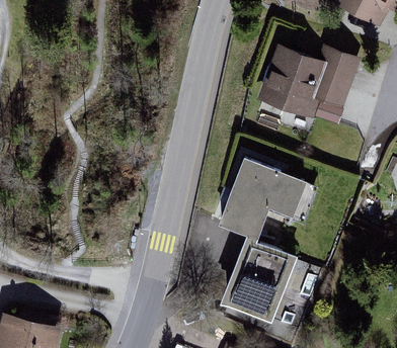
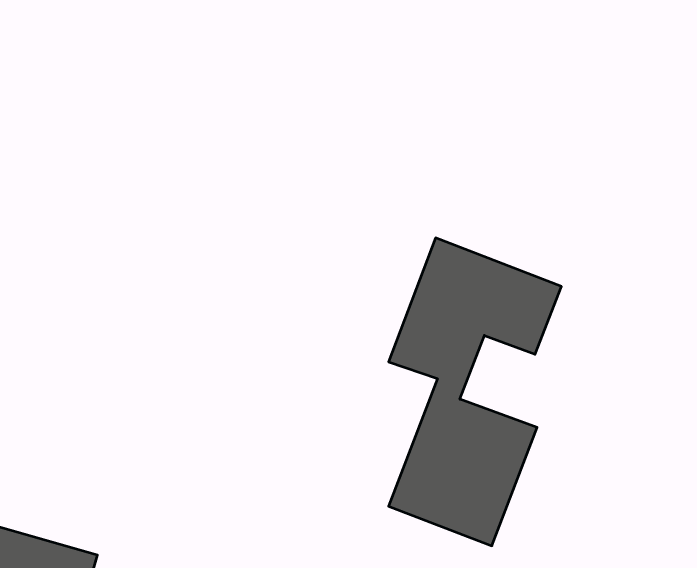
building: [262,49,363,118] -> none

